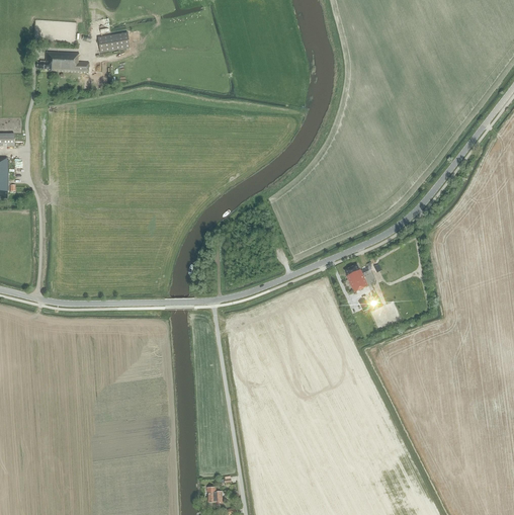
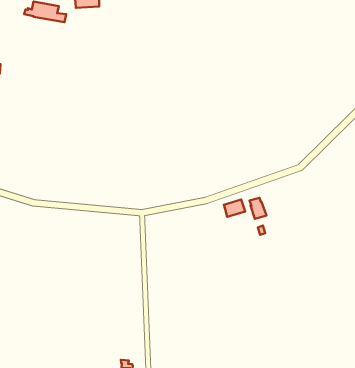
building: none -> [224,200,245,217]

